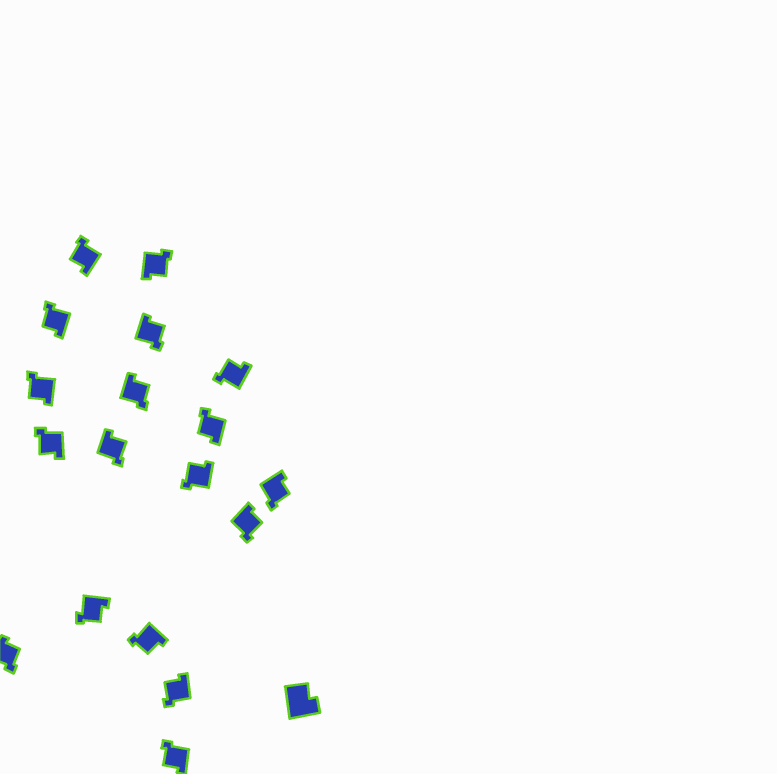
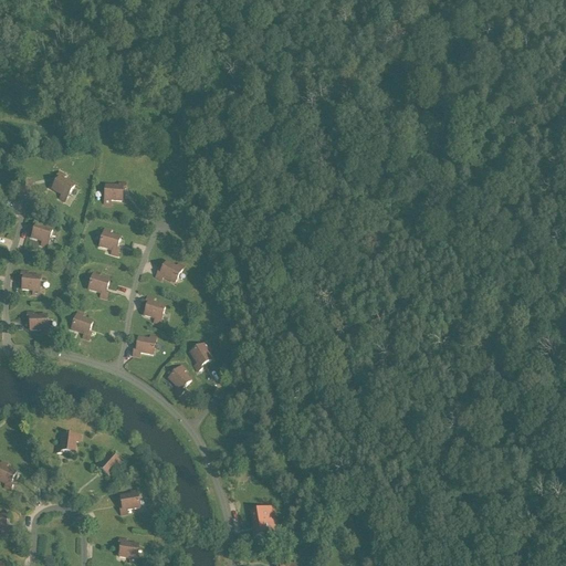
building: [285,684,320,719] -> [254,511,280,536]

